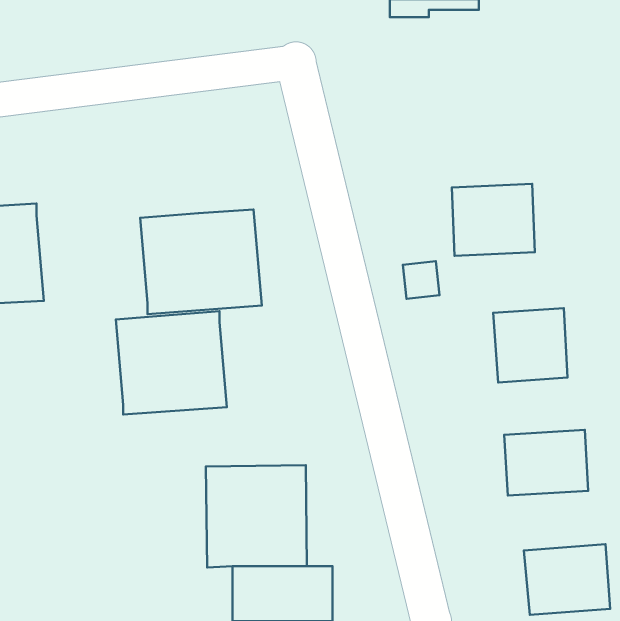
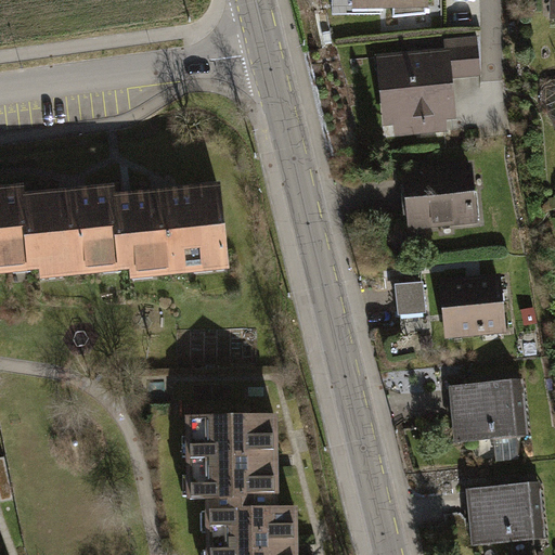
building: none -> [375,37,479,134]
building: [403,261,439,299] -> [395,280,427,313]
building: [116,311,227,415] -> [33,184,131,276]

